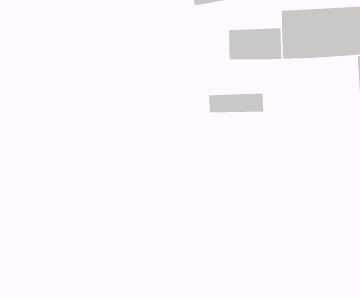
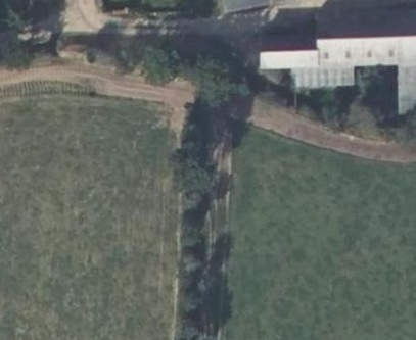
building: [208,93,264,113] -> [299,65,359,87]

